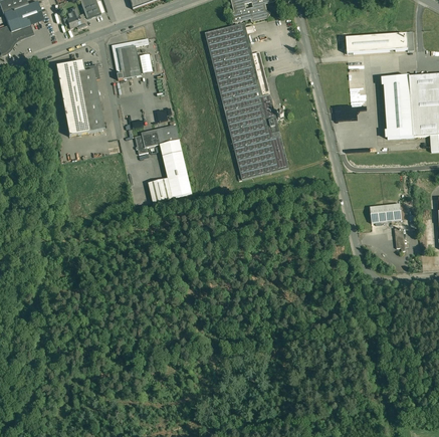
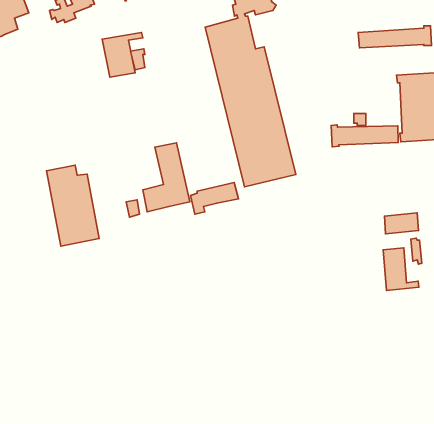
building: [55,60,103,135] -> [47,165,99,246]
building: none -> [331,125,398,147]
building: [135,124,179,153] -> [190,182,239,214]
building: none -> [383,248,419,291]

